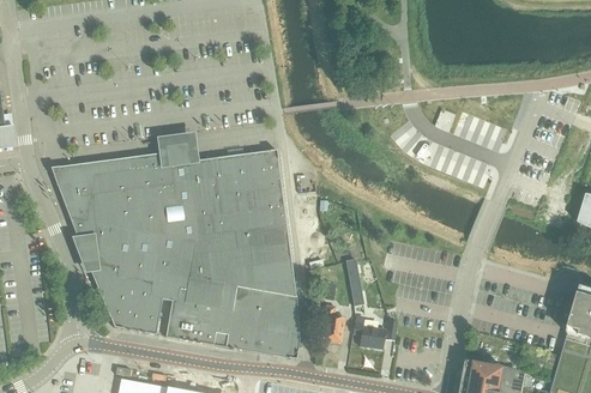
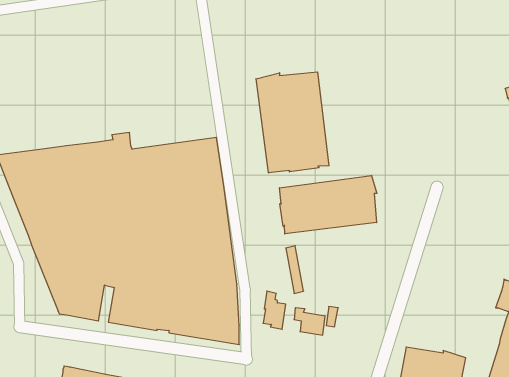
building: none -> [256,72,329,173]
building: none -> [280,175,377,234]

